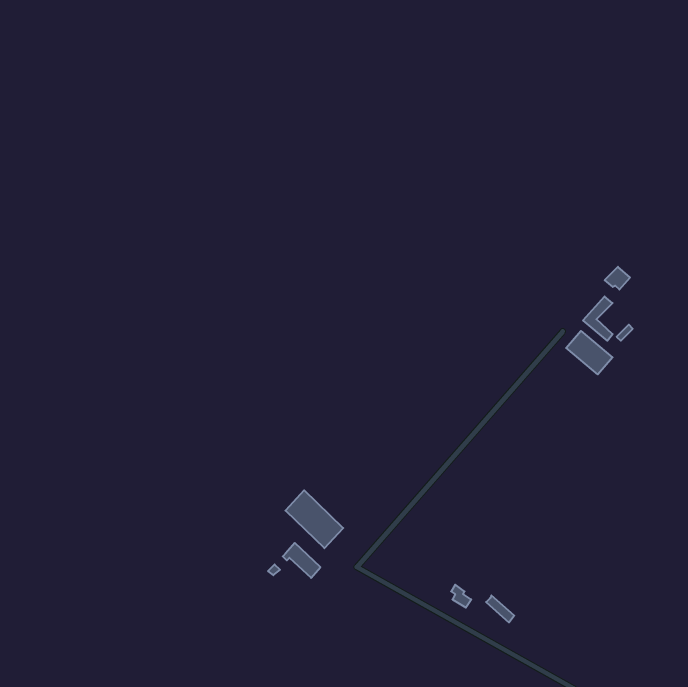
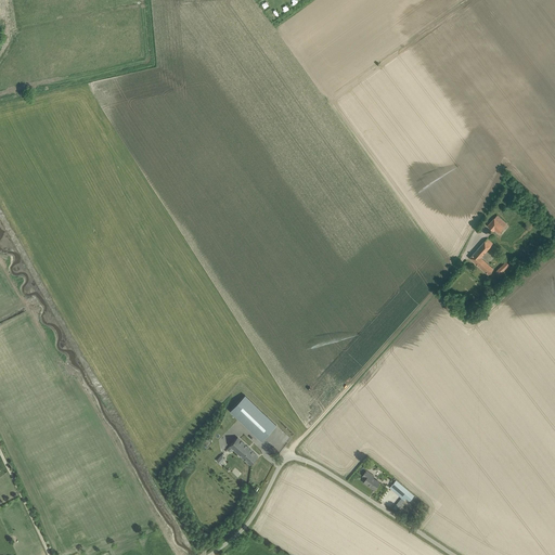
building: [566,331,613,374] -> none

